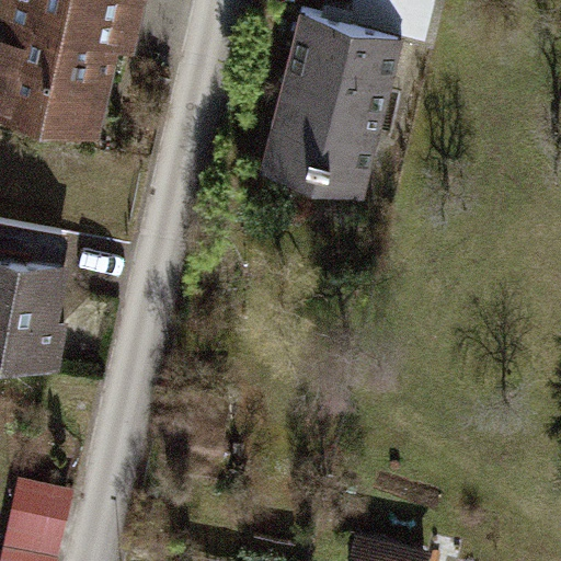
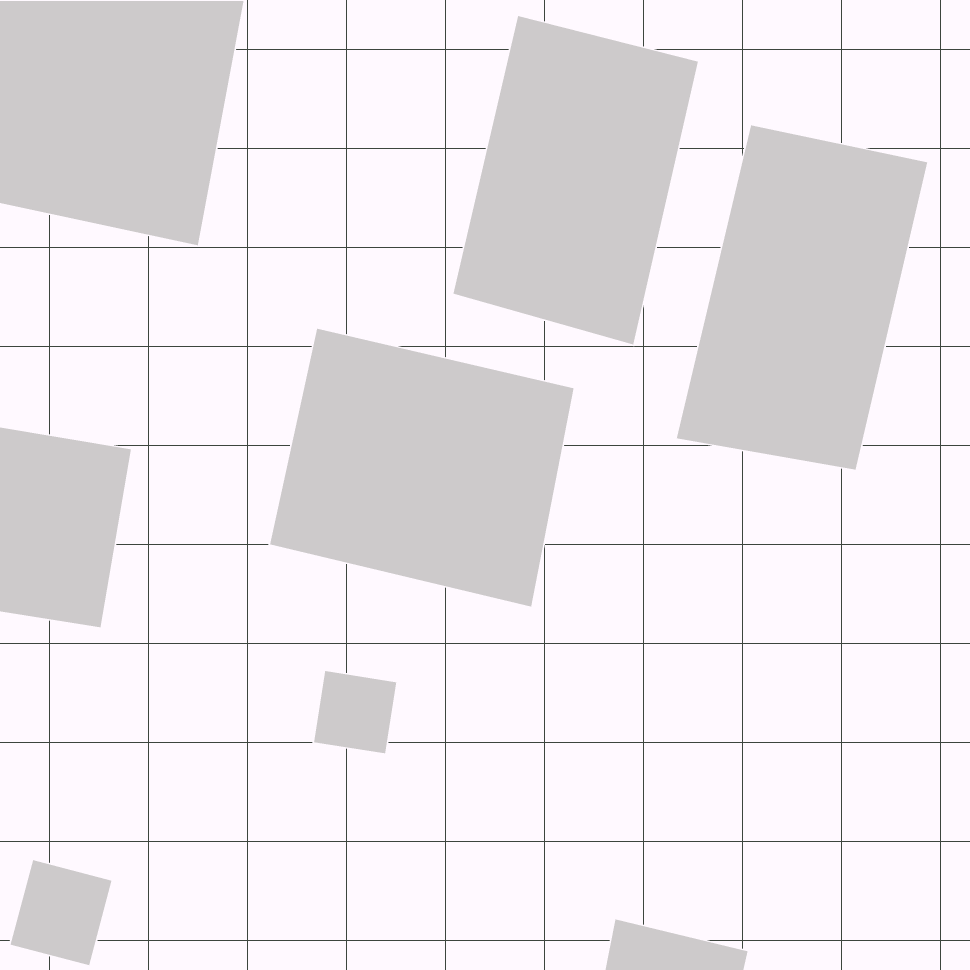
building: none -> [676,124,928,471]
building: none -> [269,328,574,608]

